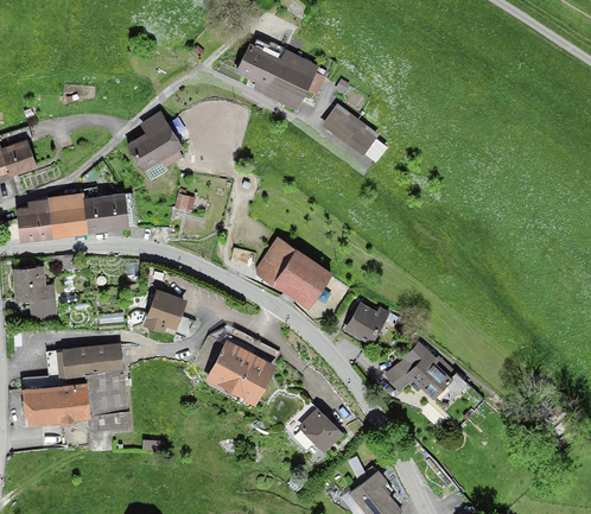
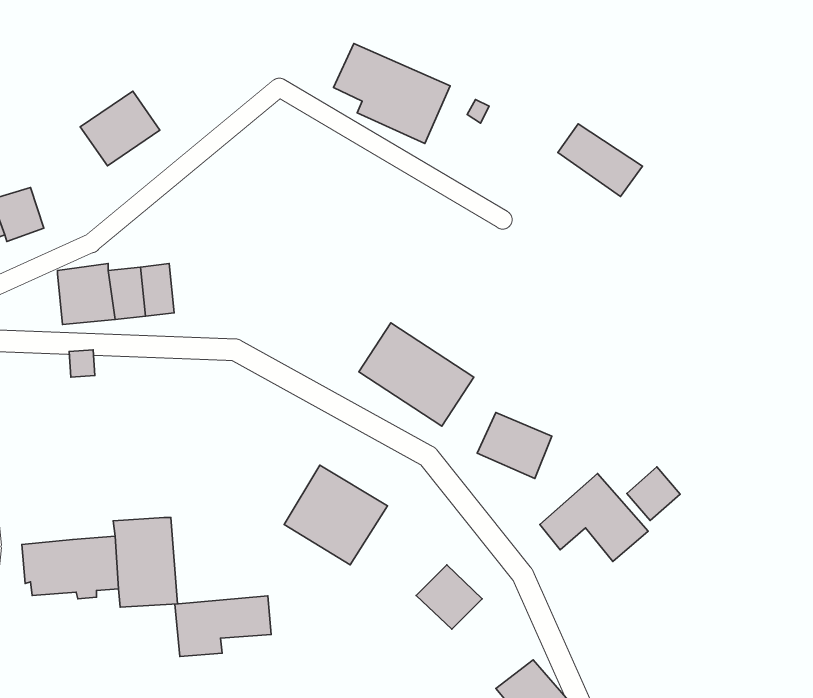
building: [322,104,381,156] -> [558,124,642,197]
building: [125,120,180,172] -> [80,91,160,166]
building: [14,201,49,240] -> none
building: [15,267,52,319] -> none
building: [140,288,189,334] -> none
building: none -> [627,467,680,521]
building: [52,344,120,387] -> [175,596,271,657]

